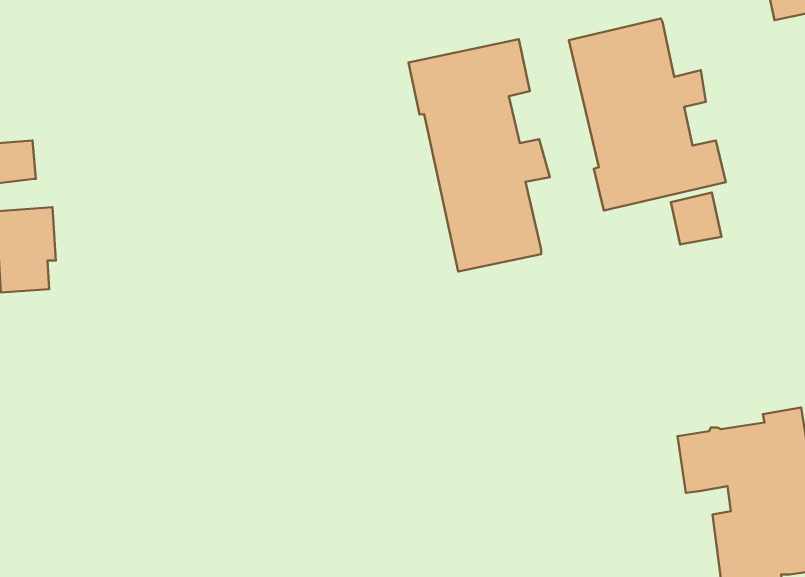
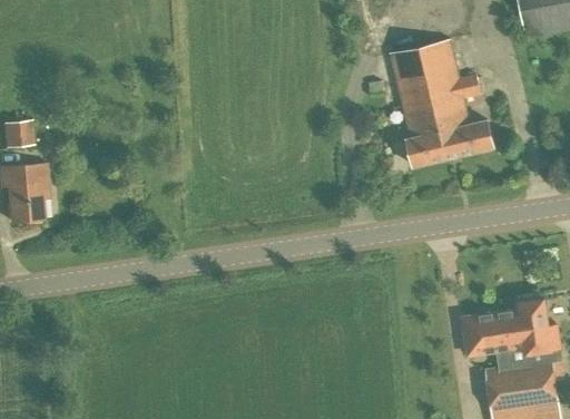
building: [409,39,550,271] -> none
building: [671,193,722,245] -> none

